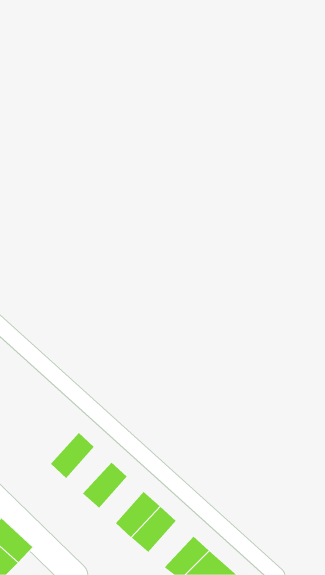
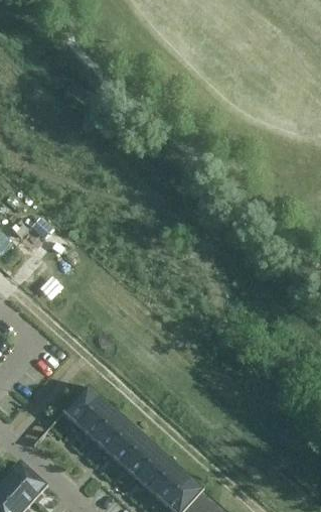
building: none -> [75,396,116,437]
building: none -> [105,422,144,464]
building: none -> [148,462,188,503]

